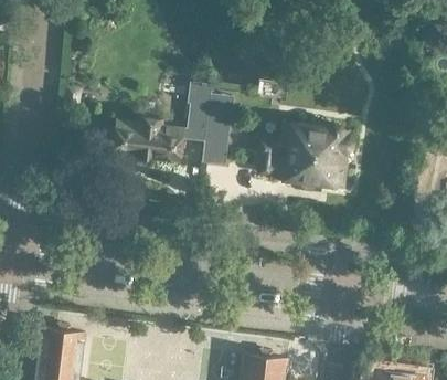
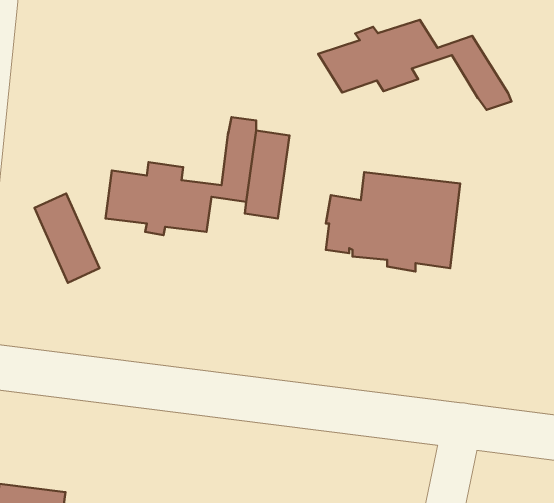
building: none -> [318,20,512,110]
building: none -> [35,193,100,283]

